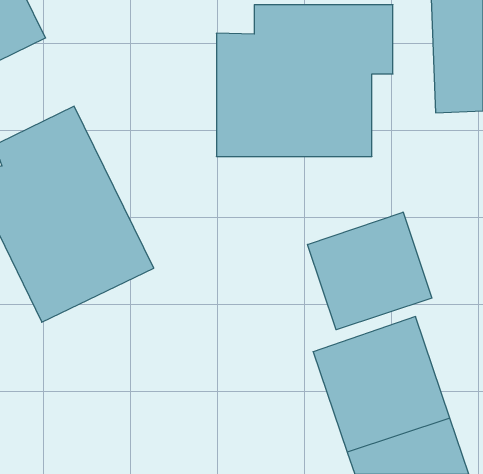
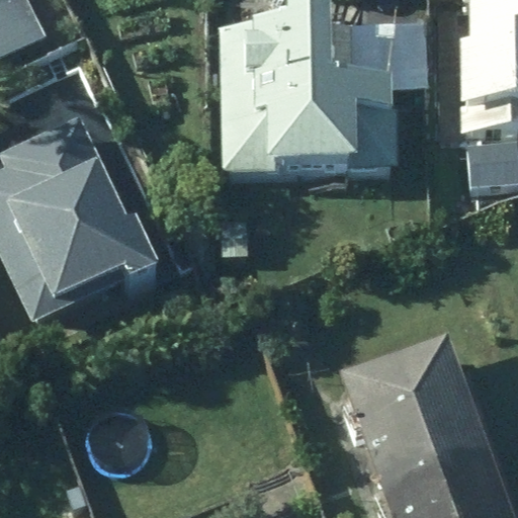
building: [308,212,432,330] -> none

